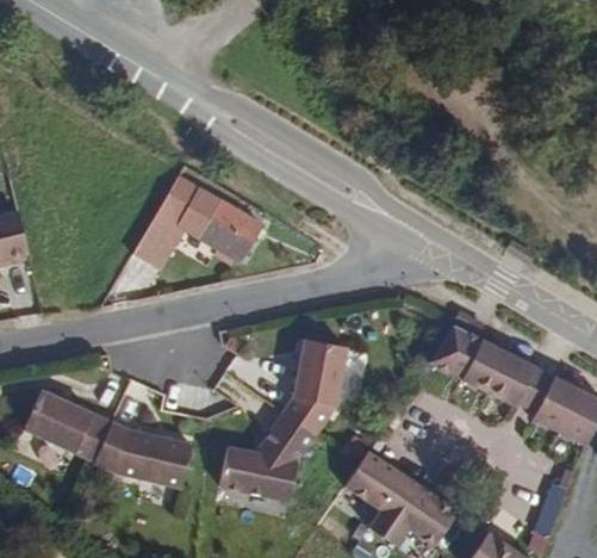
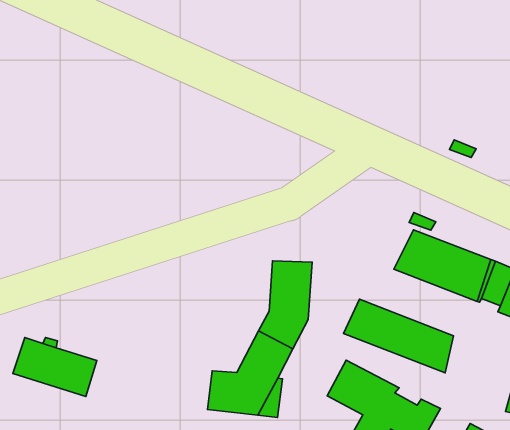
building: [135,172,266,264] -> none
building: none -> [343,299,453,373]
building: [95,423,192,488] -> none

